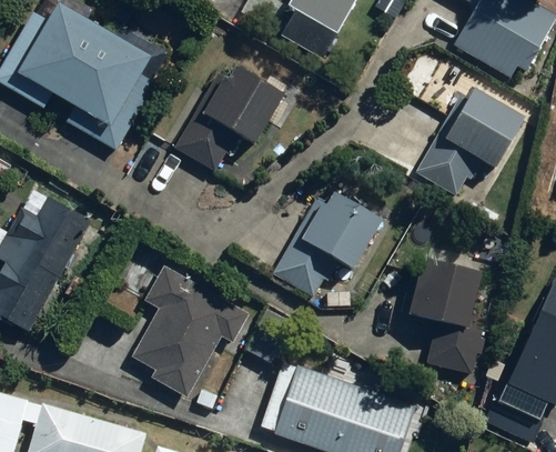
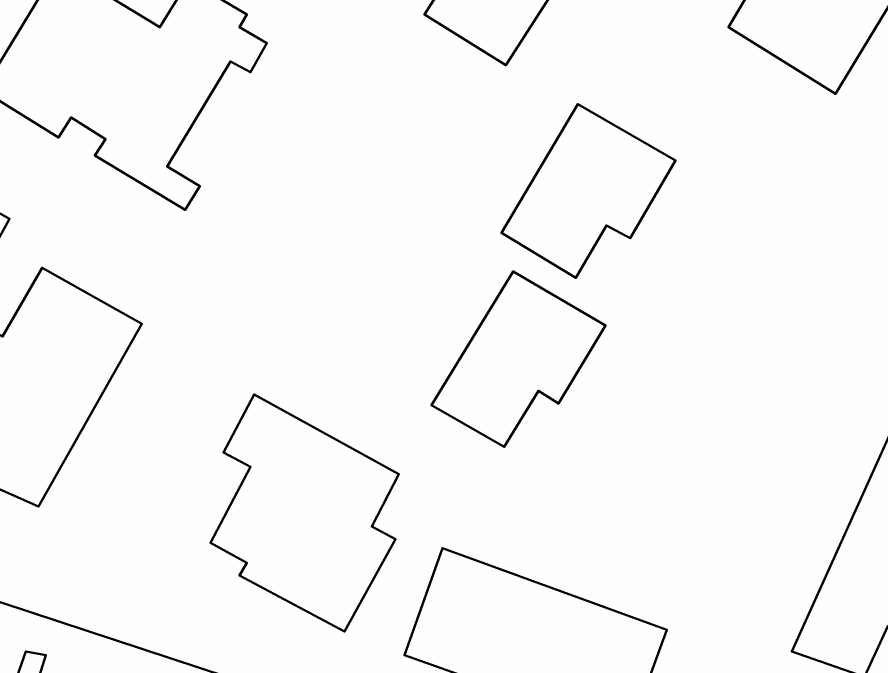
building: [180,72,276,174] -> none
building: [418,89,525,195] -> [502,104,675,278]
building: [403,262,487,371] -> none

